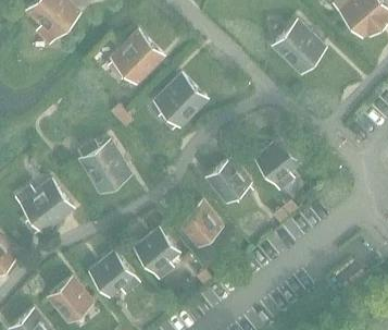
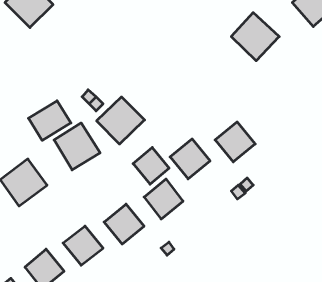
building: [110,32,162,84] -> none
building: [153,75,205,126] -> [97,97,145,144]
building: none -> [28,101,71,140]
building: none -> [133,147,169,184]

